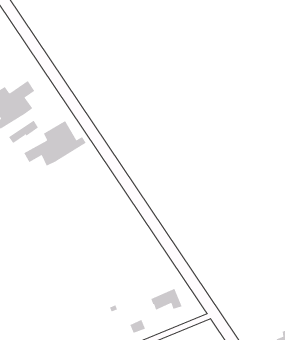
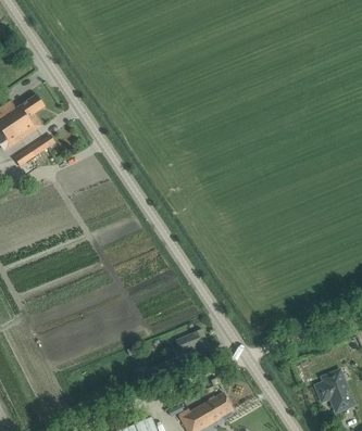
building: [23,120,86,167] -> none

